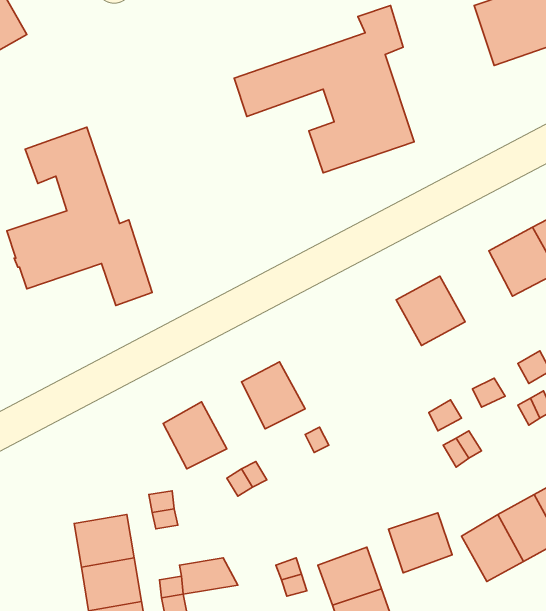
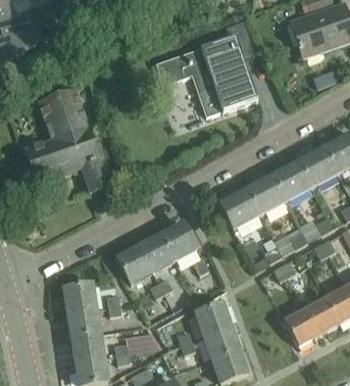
building: none -> [271,160,312,200]
building: none -> [218,188,261,229]
building: none -> [138,234,173,272]
building: none -> [62,284,96,313]
building: [389,513,452,573] -> [195,303,231,337]

